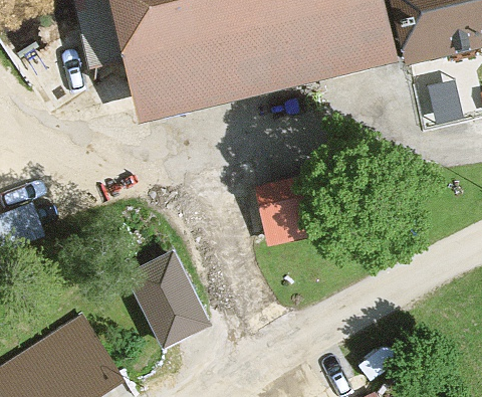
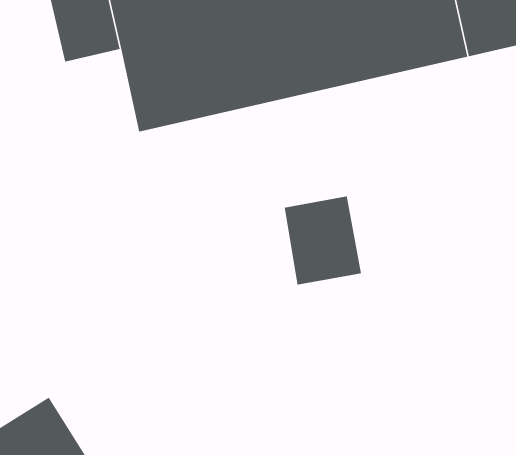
building: [133,242,215,342] -> none

